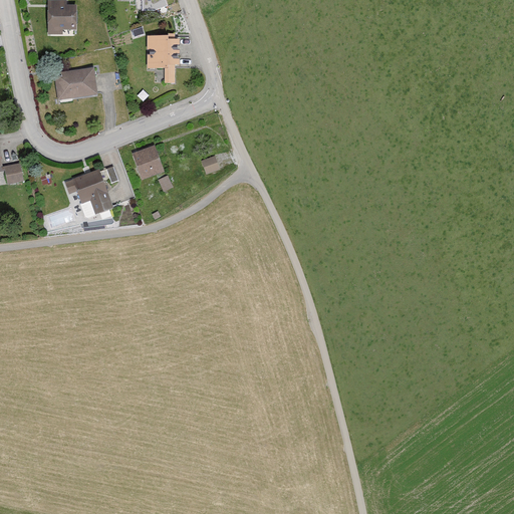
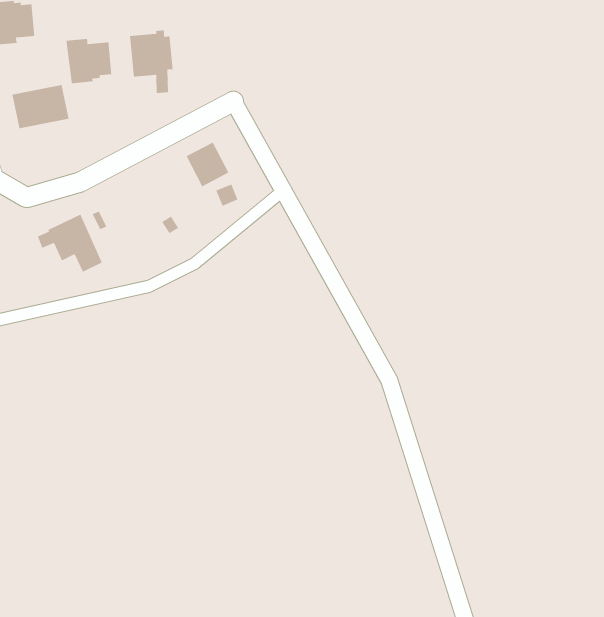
building: none -> [65,38,112,84]
building: [132,145,164,179] -> [186,141,230,187]

